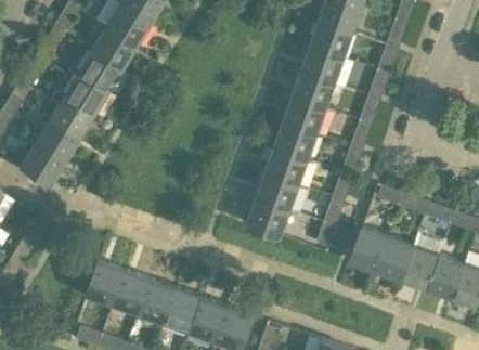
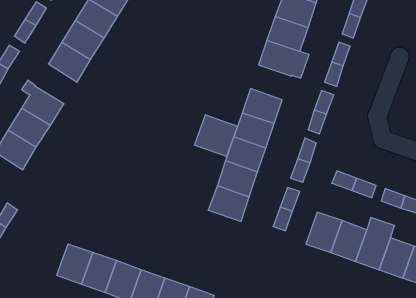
building: [64,73,108,115] -> none
building: [290,74,334,111] -> none
building: none -> [194,115,238,157]

